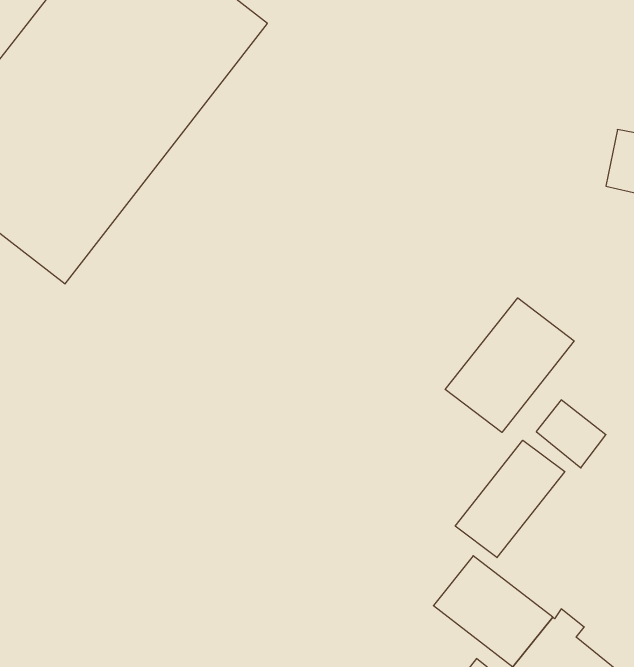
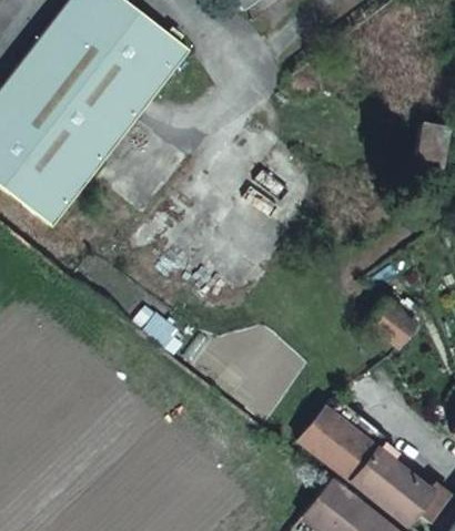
building: [445,298,574,432] -> none
building: [455,440,565,558] -> none

